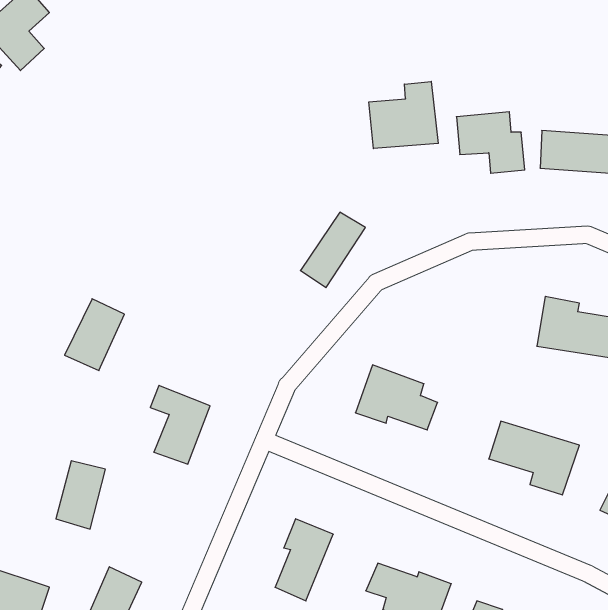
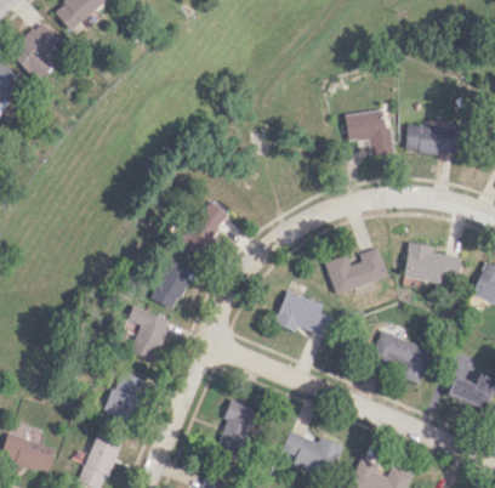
building: [369,81,438,149] -> none
building: [300,212,365,288] -> [183,202,229,255]
building: [65,299,124,371] -> [150,259,193,310]
building: none -> [325,248,387,294]
building: [56,461,105,529] -> [108,371,143,420]

